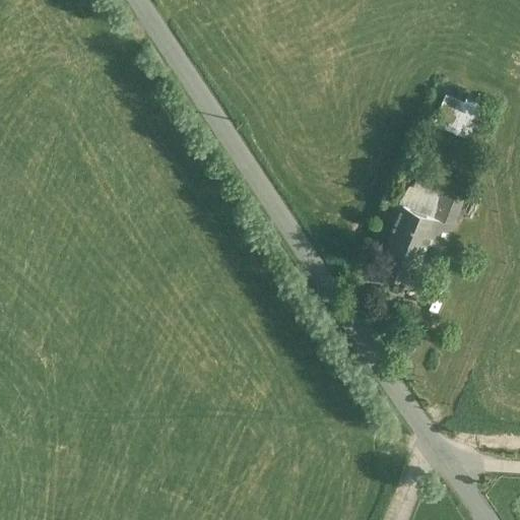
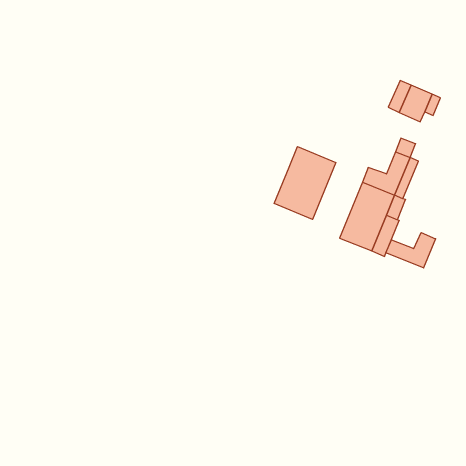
building: none -> [274,147,336,219]
building: none -> [386,233,436,268]

